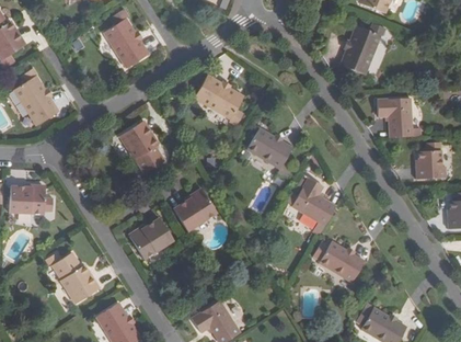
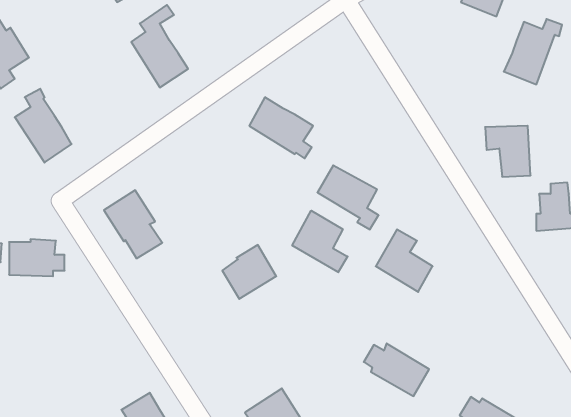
building: [341,24,385,75] -> [504,19,562,84]
building: [119,121,164,173] -> [104,190,162,258]
building: none -> [292,211,348,272]
building: [129,219,173,260] -> none
building: [314,241,365,282] -> [364,343,429,396]
building: [45,253,99,305] -> none

